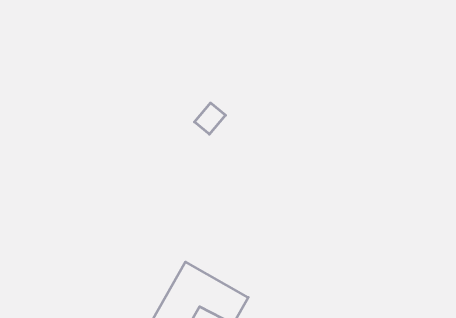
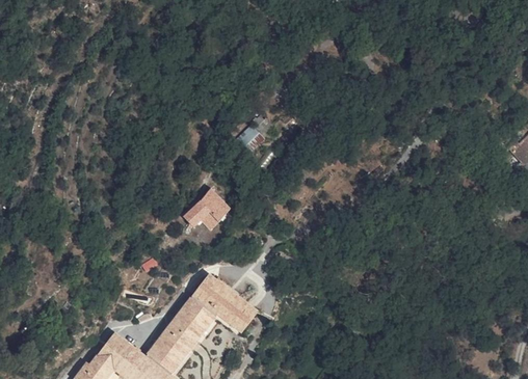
building: none -> [186,190,232,227]

